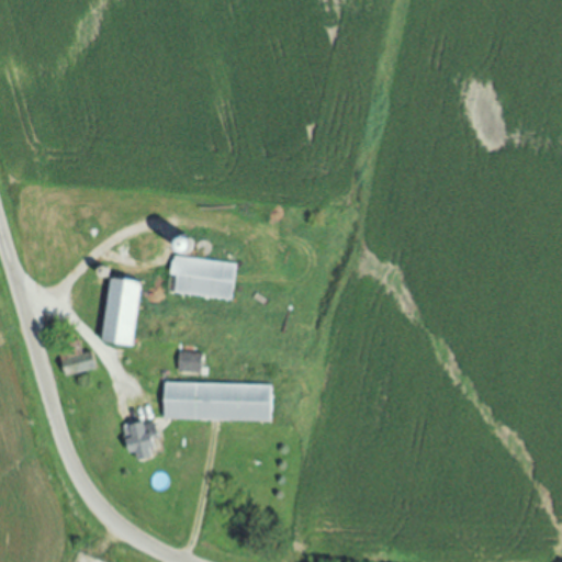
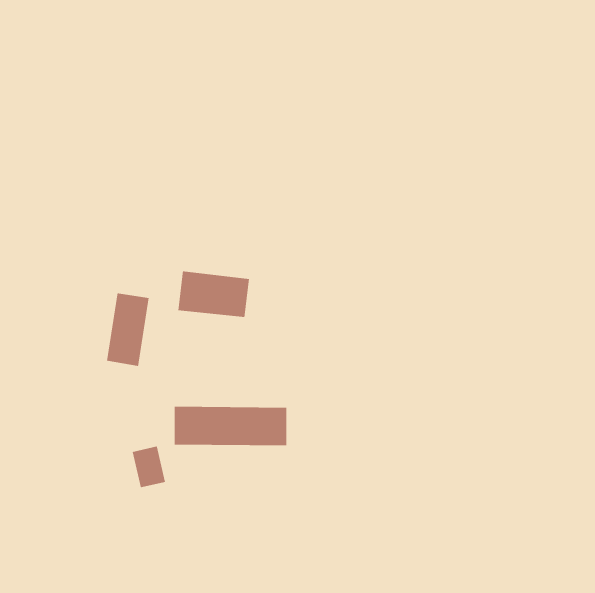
building: [59,341,97,375] -> none
building: [177,351,201,371] -> none

